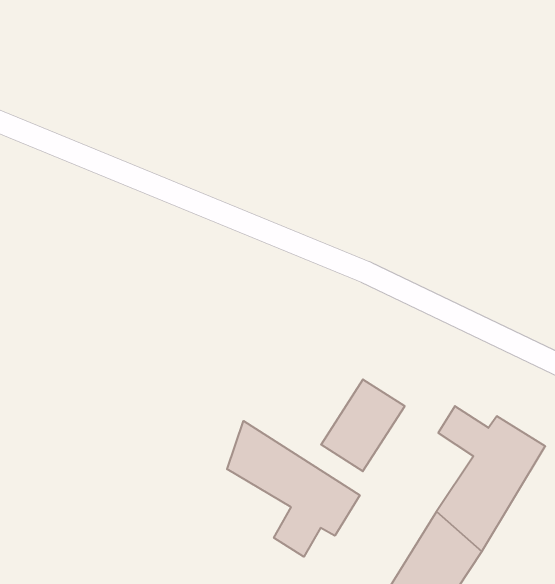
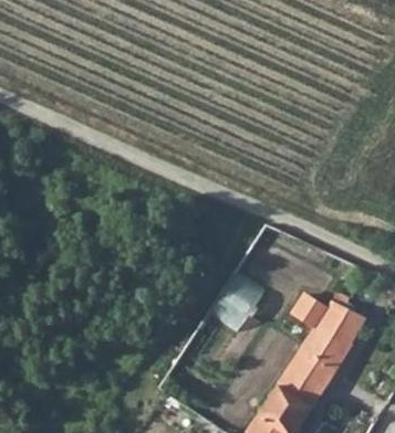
building: [227,421,360,557] -> none

